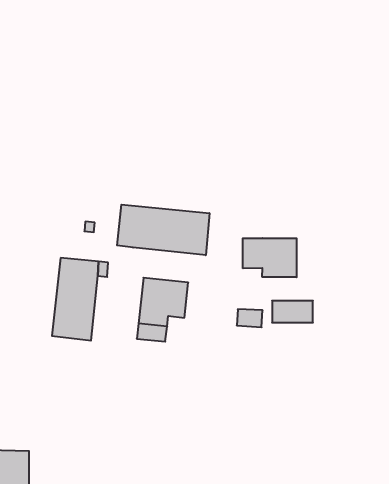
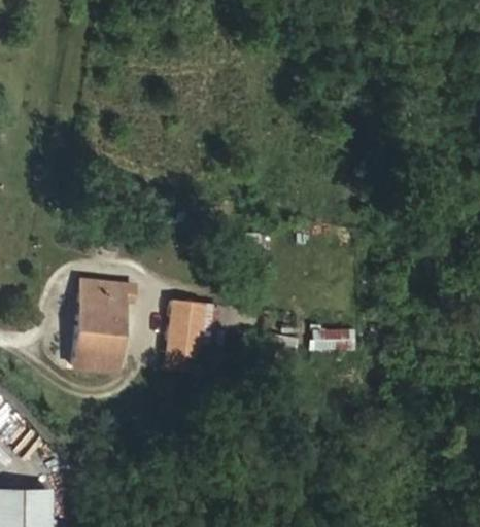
building: [117,205,209,255] -> none
building: [243,238,297,277] -> none

